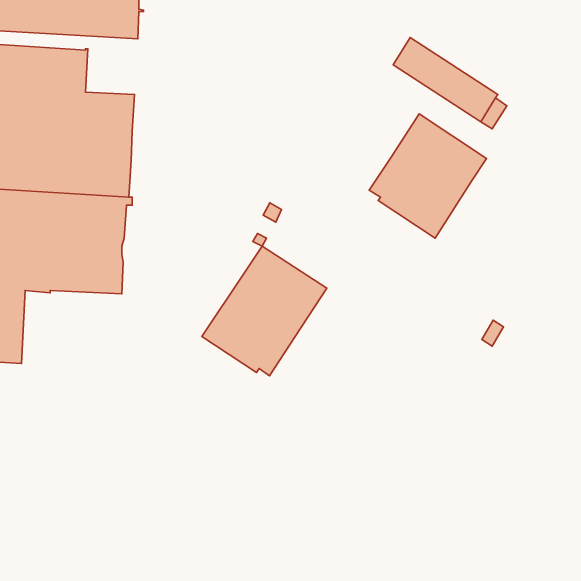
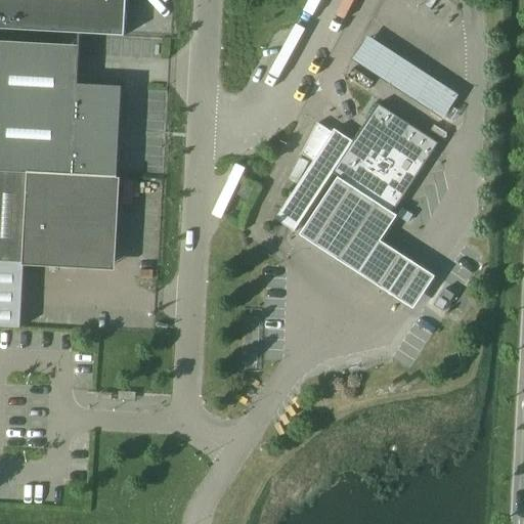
building: none -> [274,121,352,230]
building: none -> [301,180,439,313]
building: [202,246,327,376] -> none

